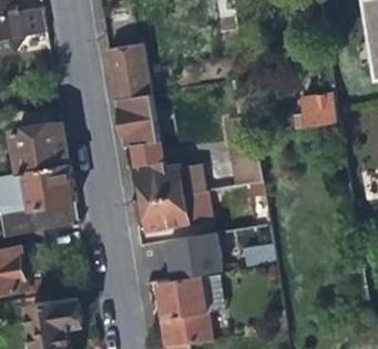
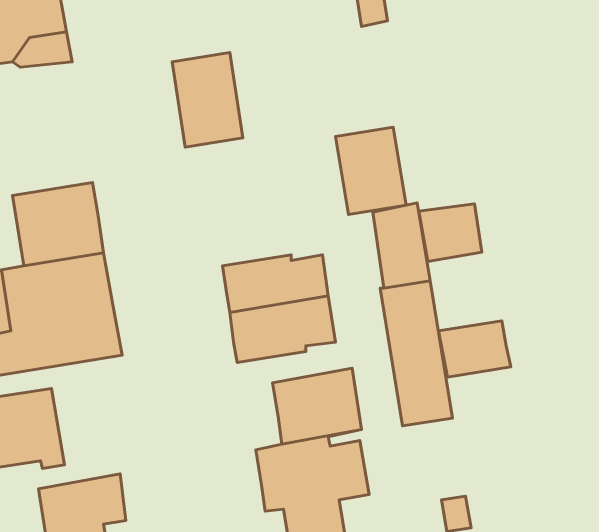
building: [298,93,336,127] -> [419,204,482,261]
building: [114,96,156,148] -> [336,127,406,214]
building: none -> [438,321,511,377]

